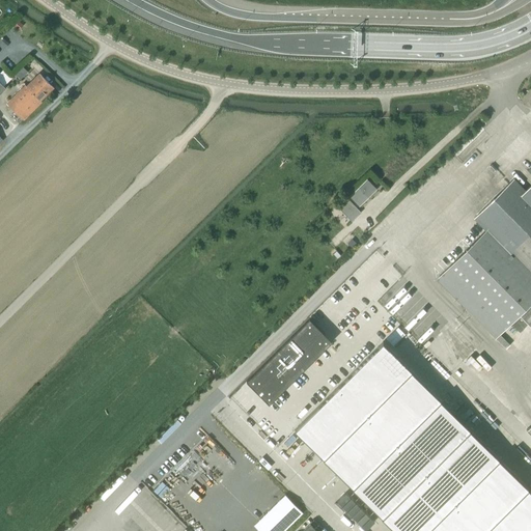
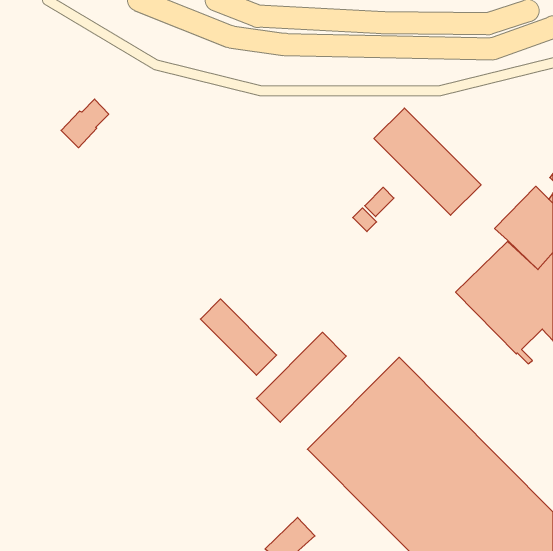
building: [7,76,53,122] -> [61,99,109,148]
building: none -> [374,108,481,215]
building: none -> [200,299,277,375]

